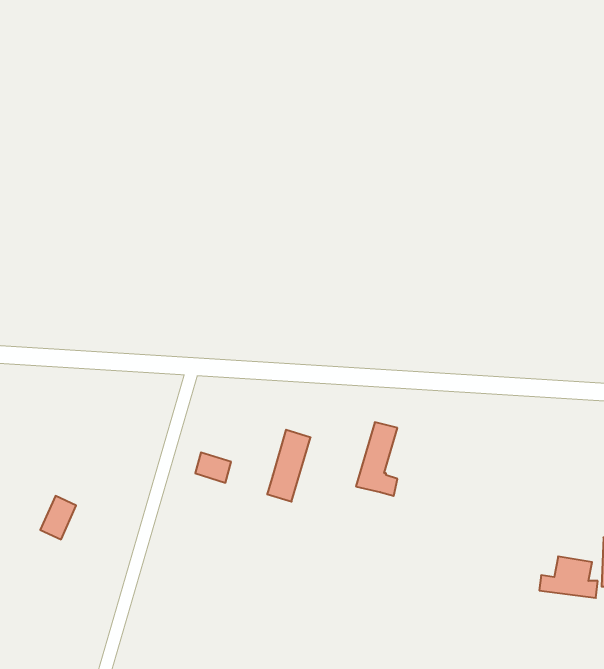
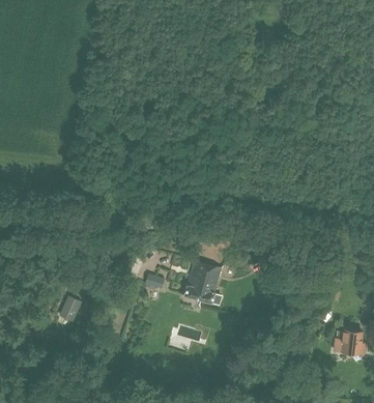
building: [356,422,397,496] -> [197,264,220,305]

